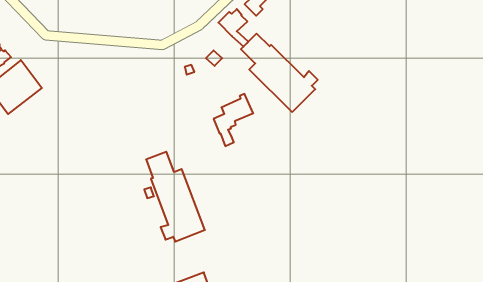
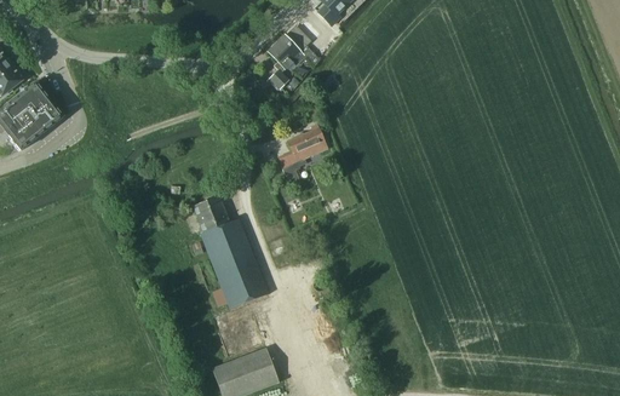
building: none -> [270,34,302,68]
building: [241,34,318,112] -> none

